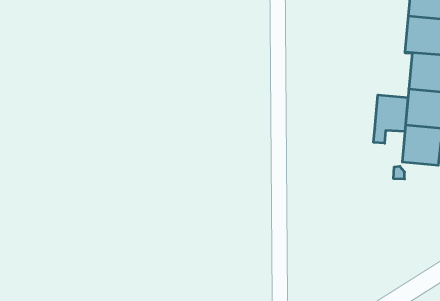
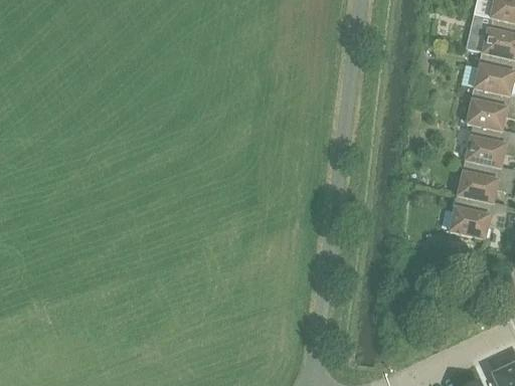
building: [374,95,408,143] -> none

